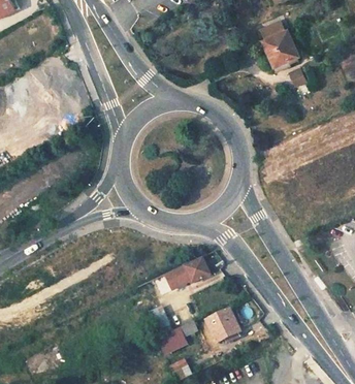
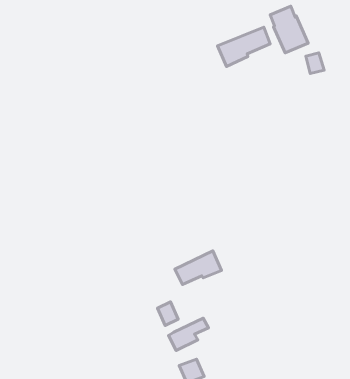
building: none -> [217,27,270,66]
building: [206,305,244,340] -> none

